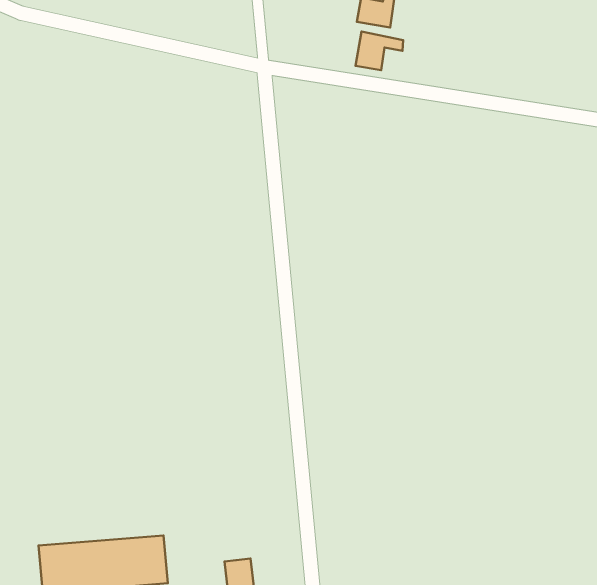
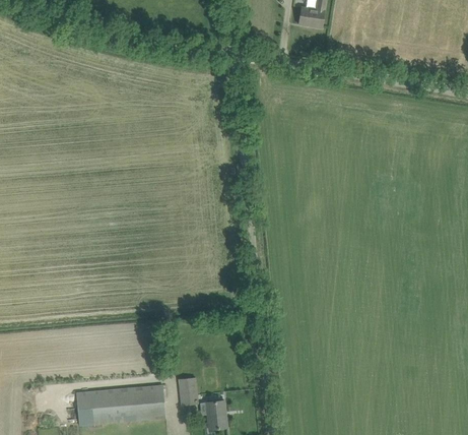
building: [356,32,403,70] -> none
building: none -> [179,377,197,406]

